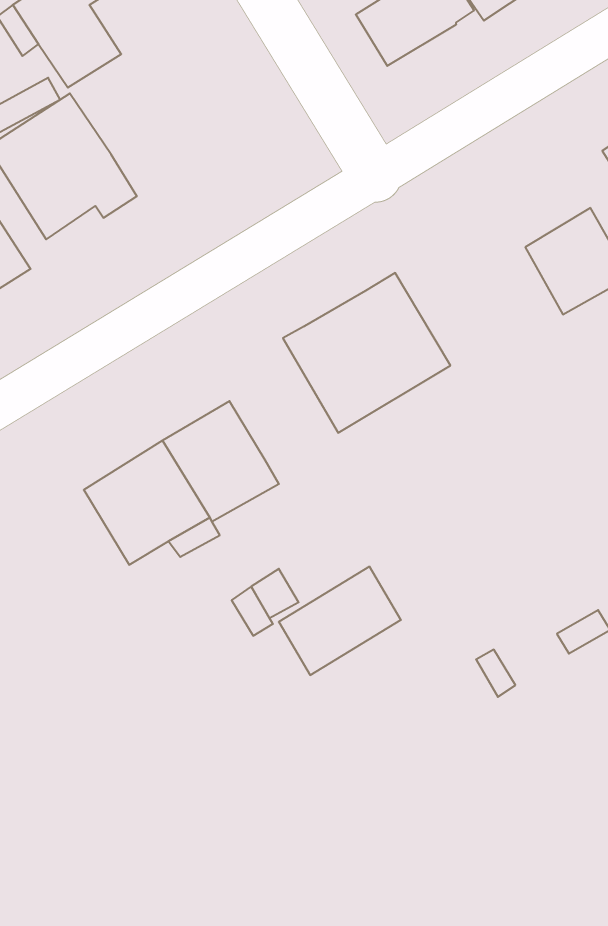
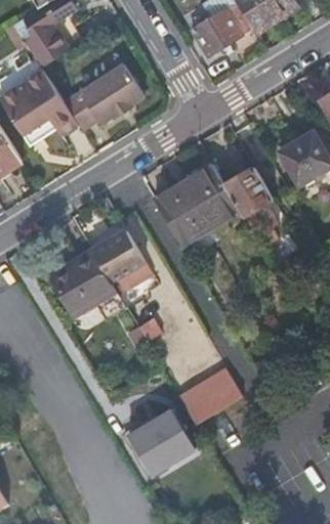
building: none -> [64,63,145,131]
building: none -> [223,166,279,248]
building: [279,567,401,675] -> [178,369,242,426]
building: none -> [129,410,194,473]

